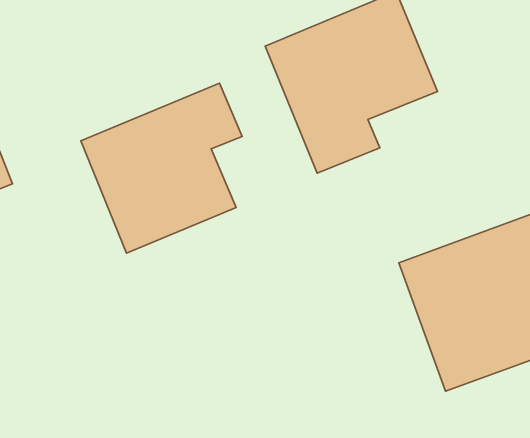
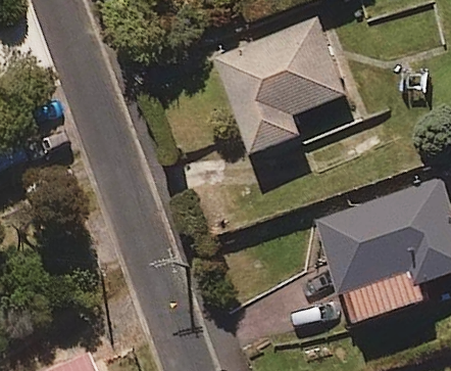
building: [81,83,242,253] -> none

